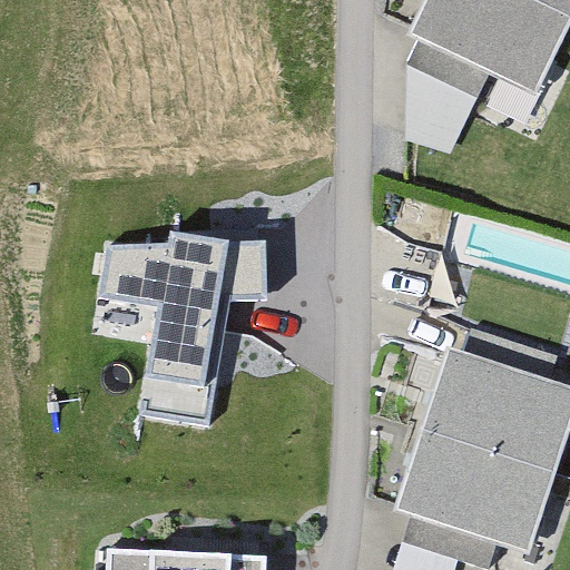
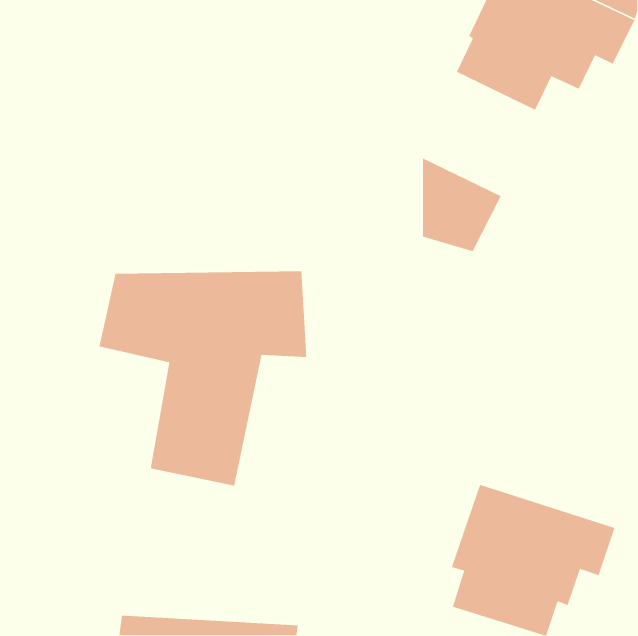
building: [406,65,478,149] -> [422,157,502,252]
building: [428,328,562,471] -> none

